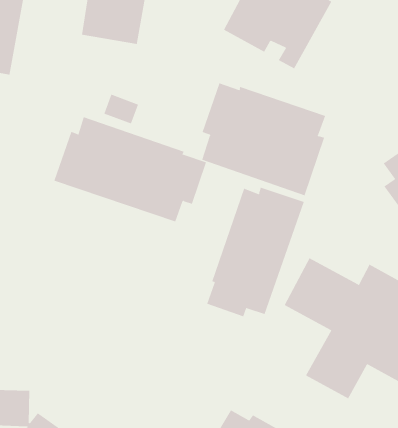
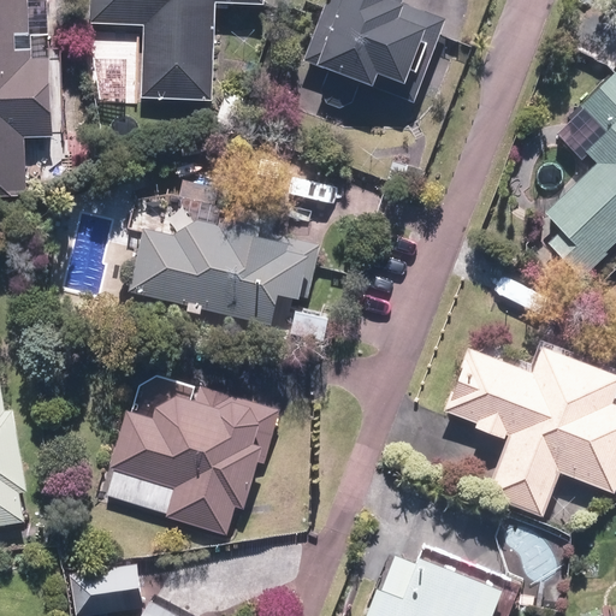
building: [201,83,326,196] -> none
building: [206,187,304,317] -> none
building: none -> [100,372,279,540]

